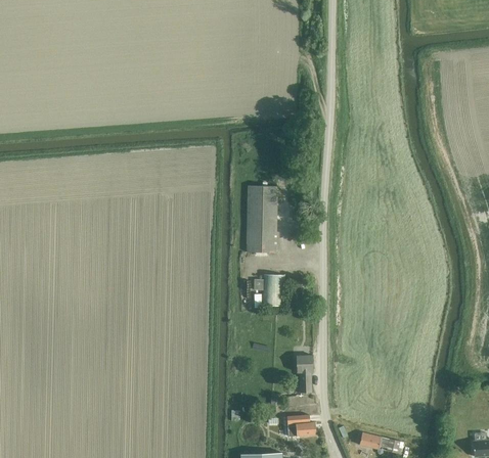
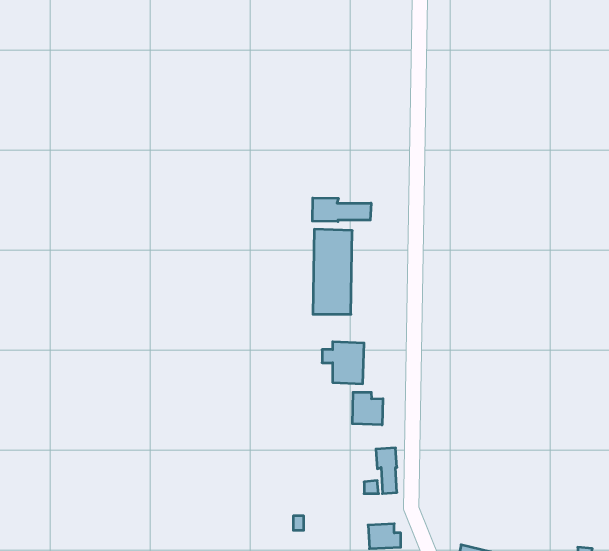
building: none -> [312,198,371,222]
building: none -> [352,392,383,425]

